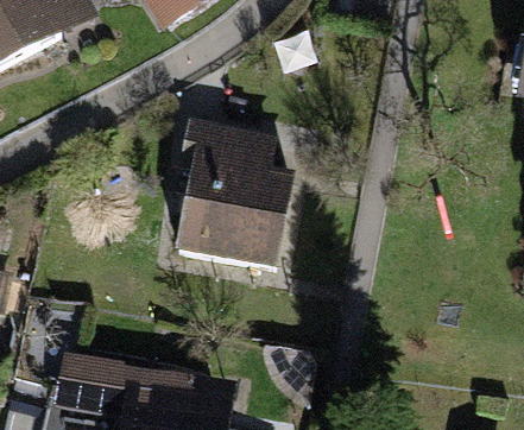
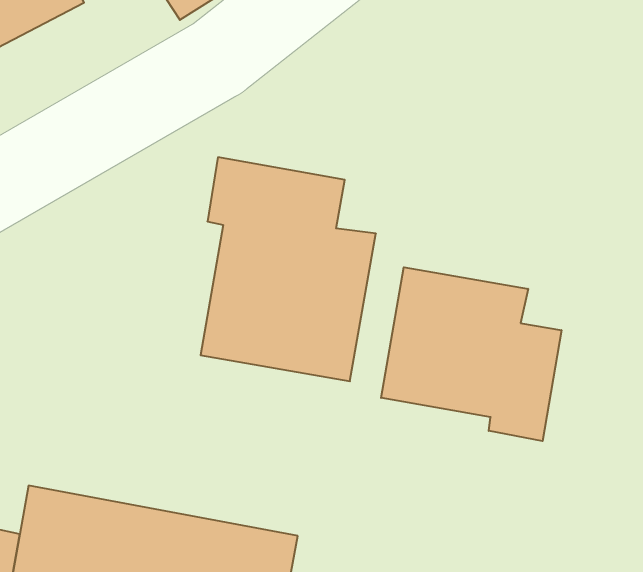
building: none -> [381,267,561,441]

